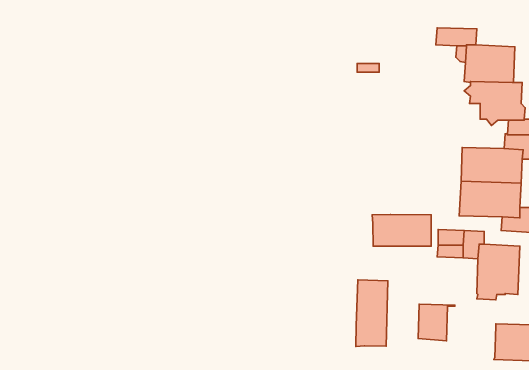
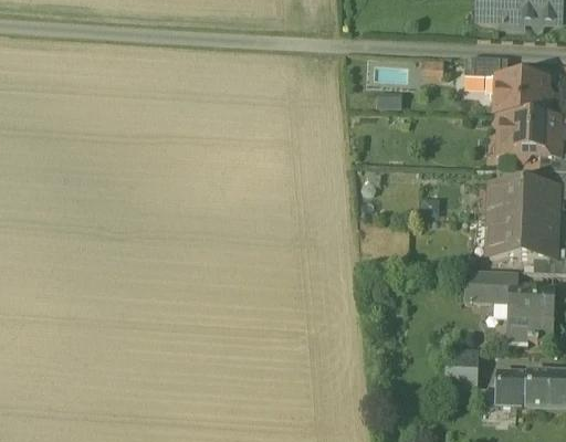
building: [372,214,431,246] -> none
building: [356,280,388,346] -> none
building: none -> [497,369,528,404]

